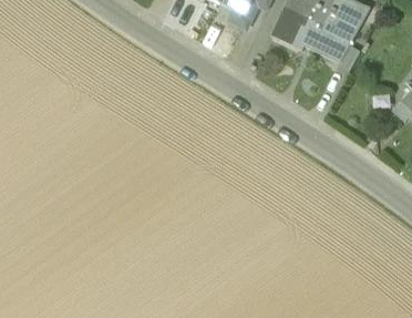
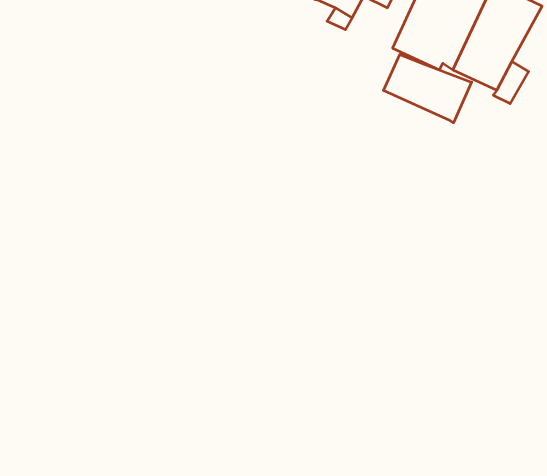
building: none -> [383,54,472,123]

